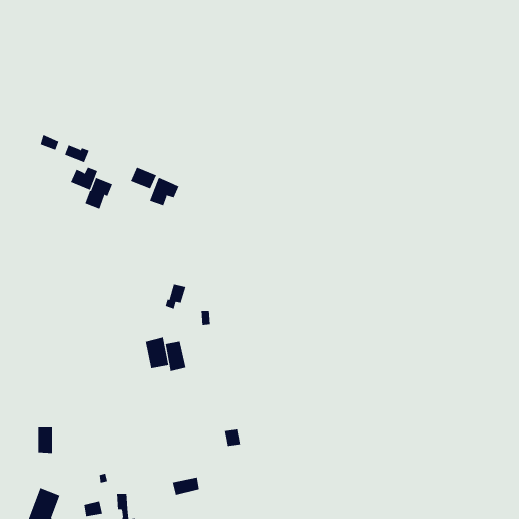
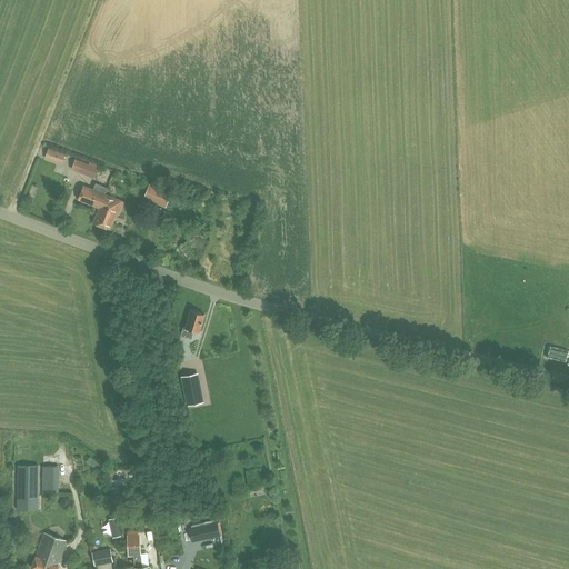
building: [149,177,179,206] -> none
building: [145,336,169,369] -> none
building: none -> [16,466,38,511]

